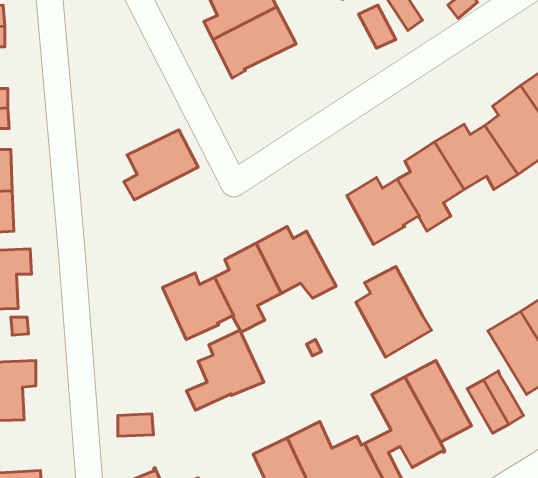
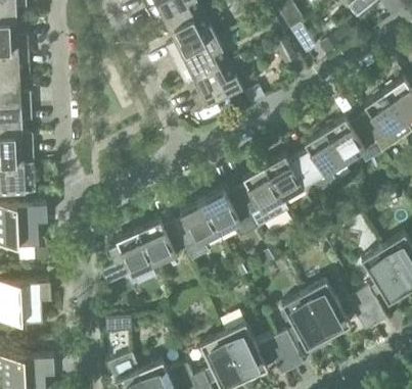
building: [124,130,198,200] -> [191,62,242,110]
building: [356,266,432,357] -> [236,166,288,229]
building: [186,330,264,410] -> [100,230,153,285]

